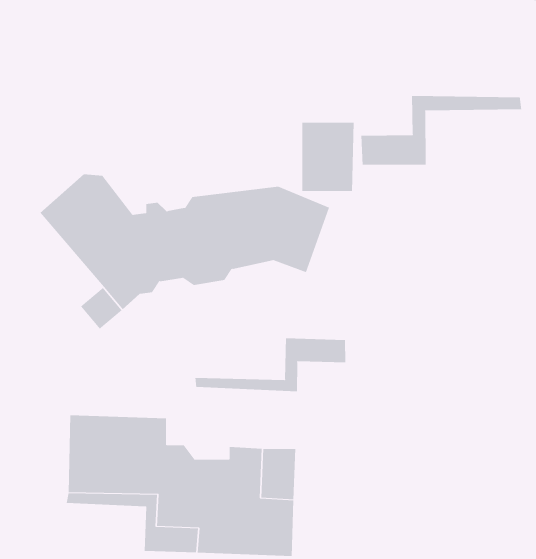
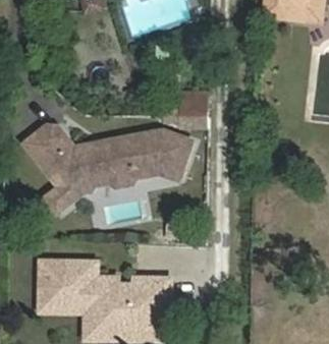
building: [361,95,522,166] -> none
building: [195,338,346,392] -> none

